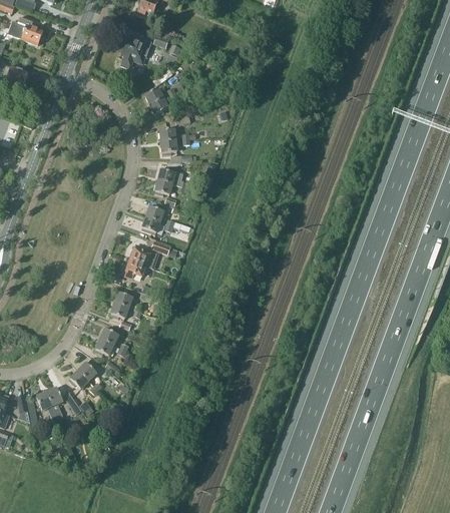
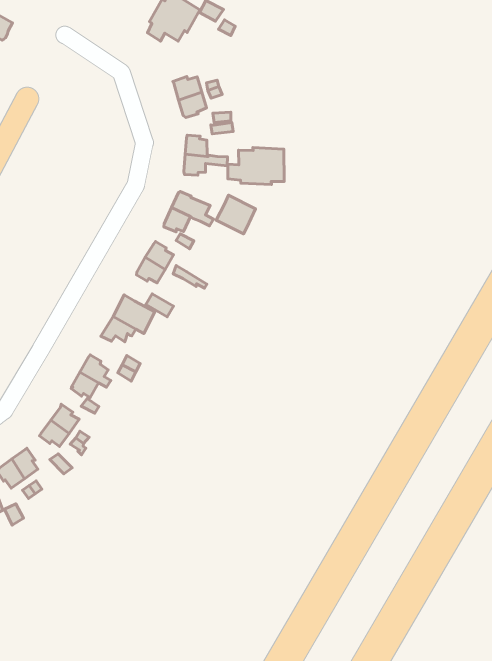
building: none -> [228,148,284,185]
building: none -> [216,195,256,234]

